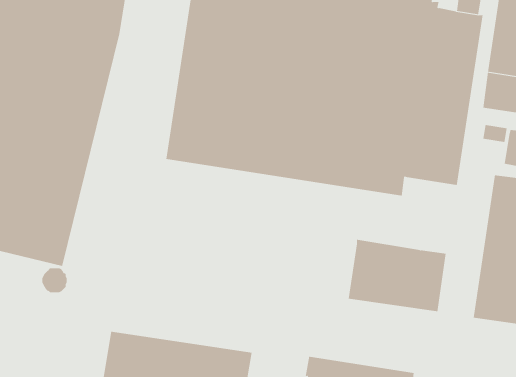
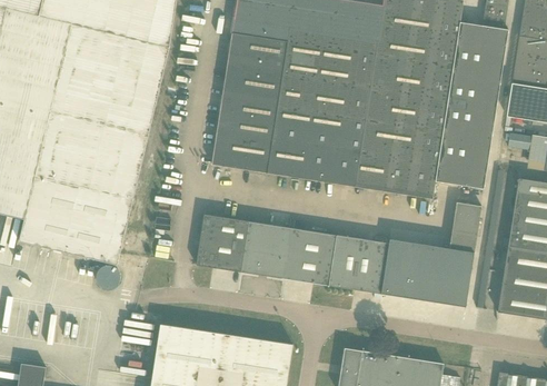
building: none -> [449,201,481,251]
building: none -> [196,214,389,294]

